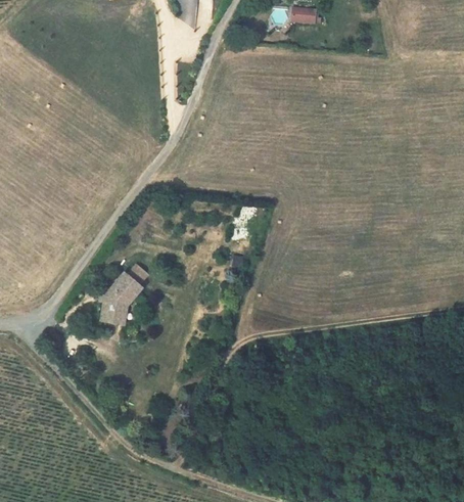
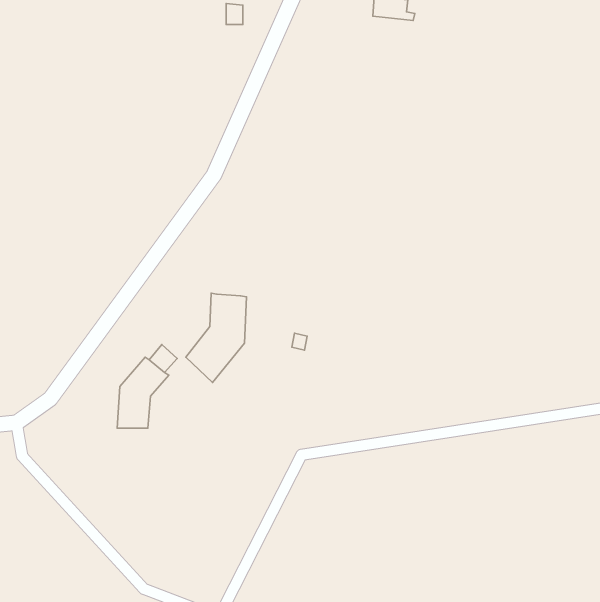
building: none -> [186,293,247,382]

